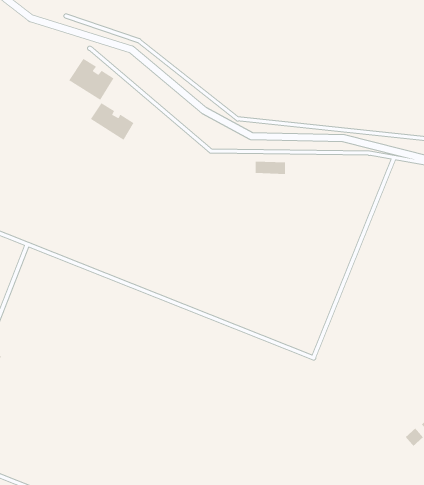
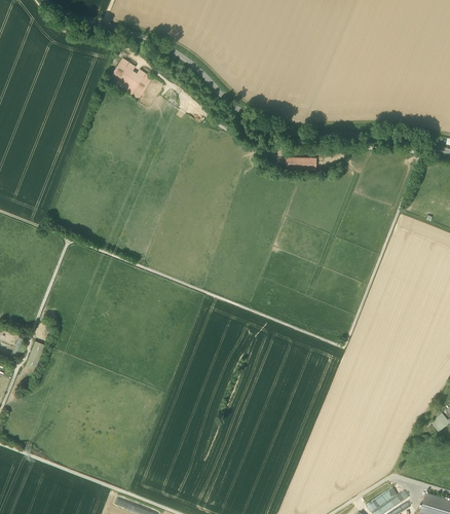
building: [90,102,135,141] -> none

